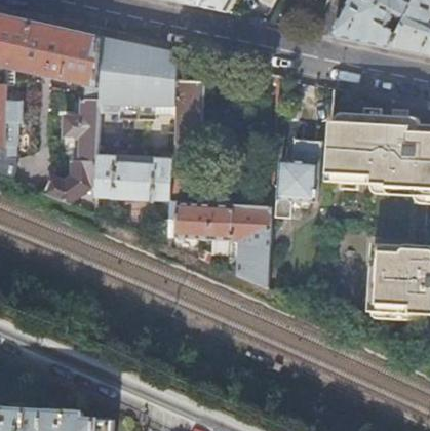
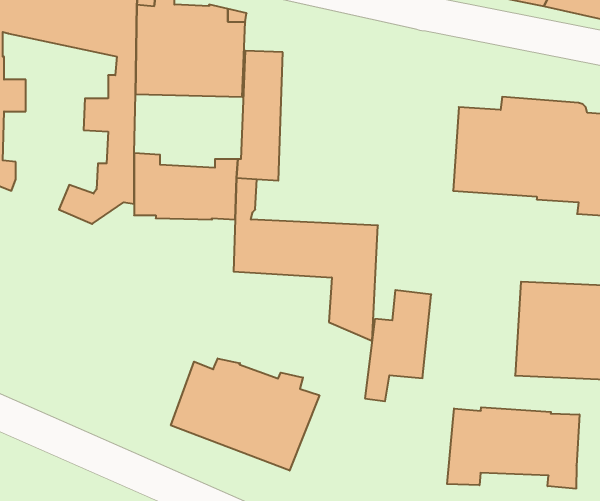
building: [274,139,321,218] -> [365,290,431,401]
building: none -> [171,358,319,471]
building: none -> [447,407,579,489]

